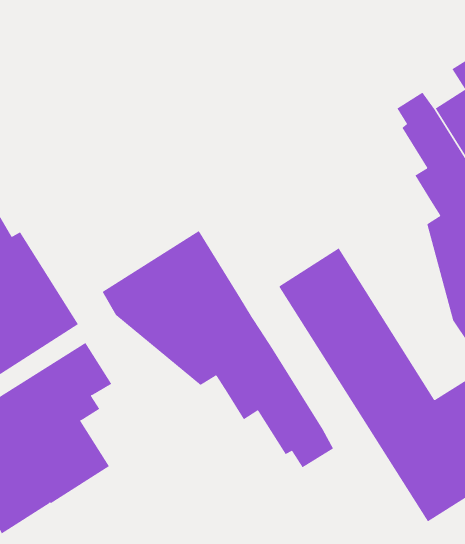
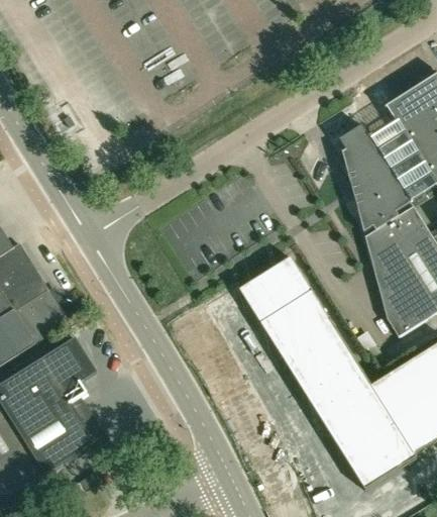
building: [102,230,334,468] -> none

